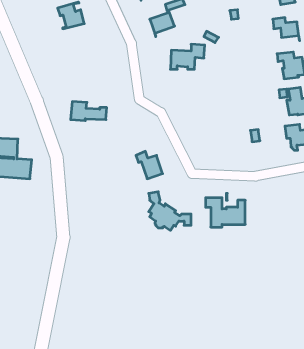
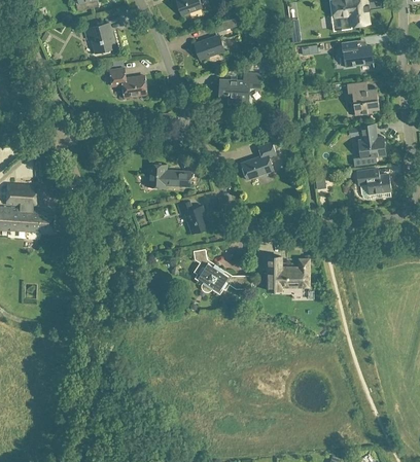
building: none -> [109,68,146,99]
building: [71,102,107,121] -> [146,164,189,186]
building: none -> [240,141,275,179]

